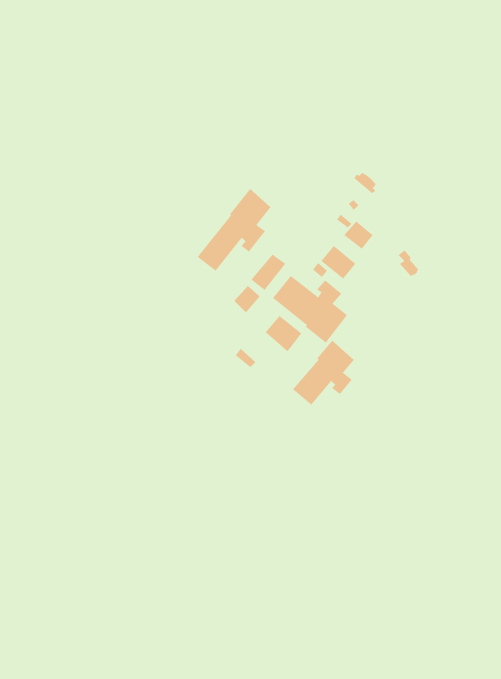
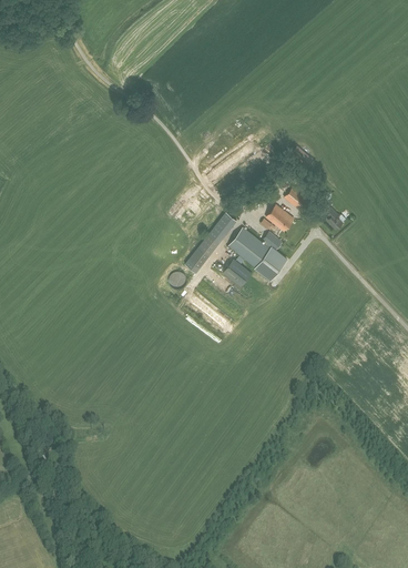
building: [197,188,271,272] -> none
building: [292,340,354,405] -> none

